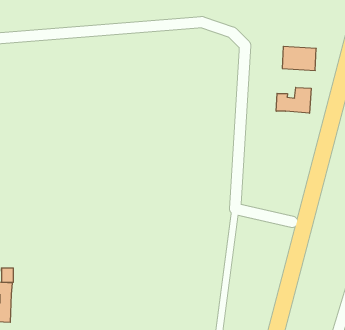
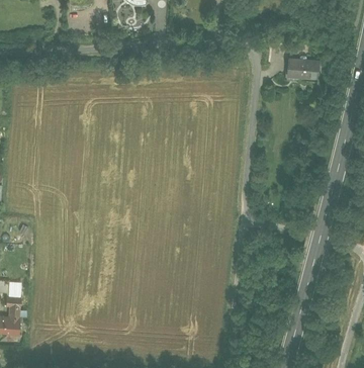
building: [276,87,311,113] -> none

